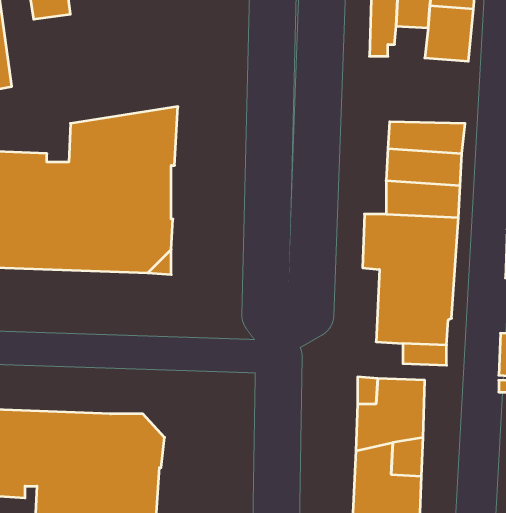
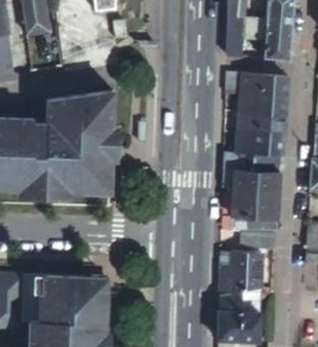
building: none -> [228,75,288,99]

